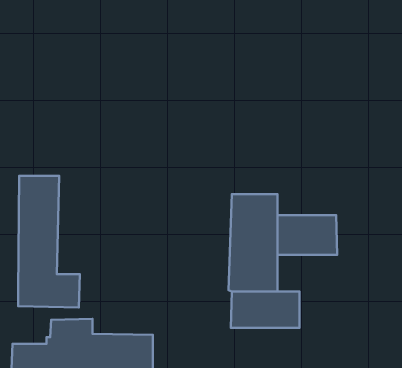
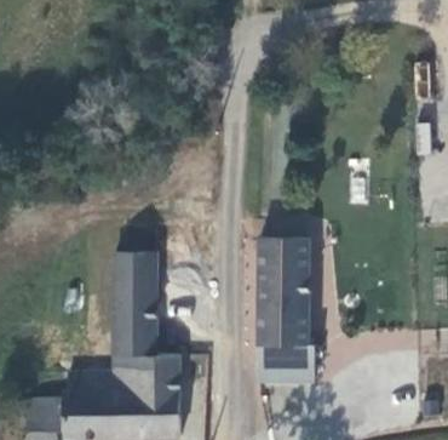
building: [18,176,80,307] -> [113,251,178,390]
building: [278,215,337,255] -> none

